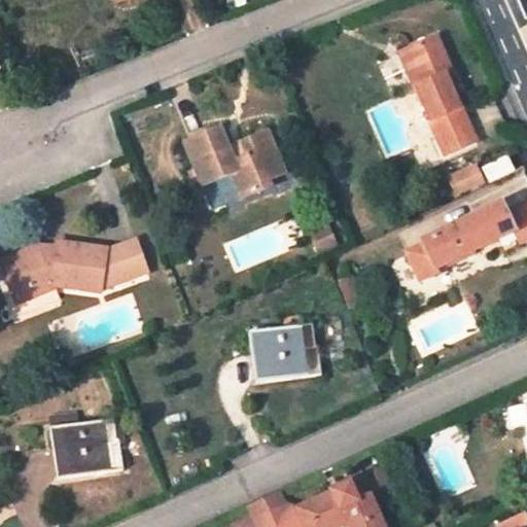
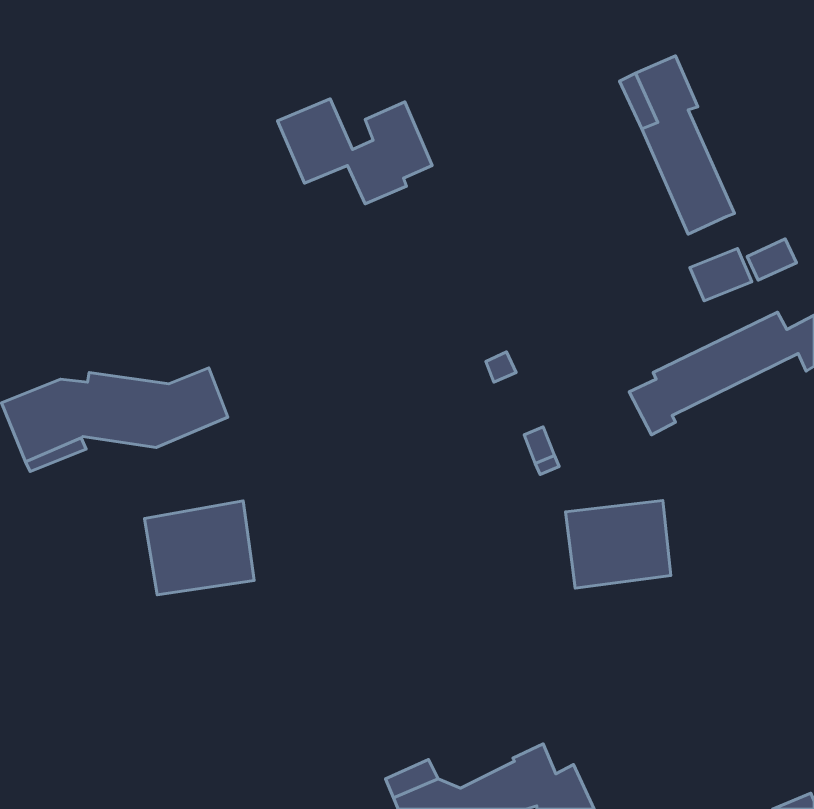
building: [185,128,285,196] -> [278,99,432,204]
building: [249,324,317,381] -> [566,501,671,588]
building: [49,417,120,478] -> [144,501,254,595]

